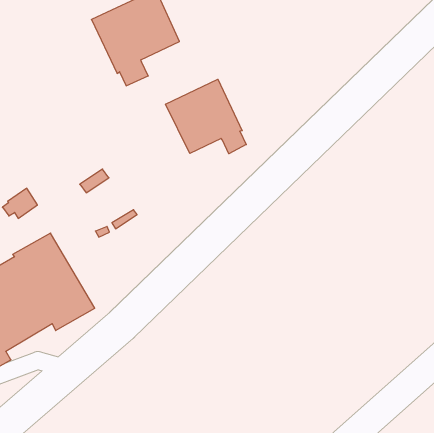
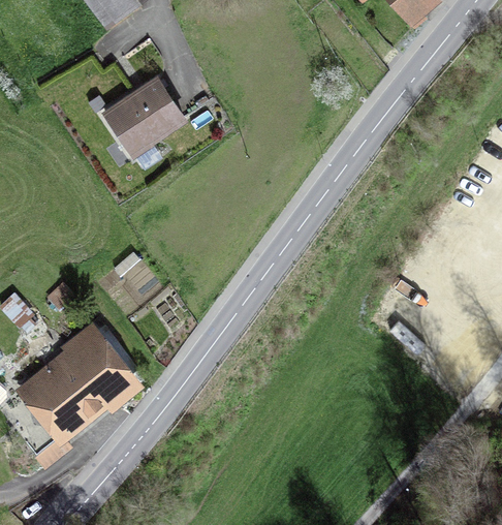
building: [166,79,246,154] -> none

